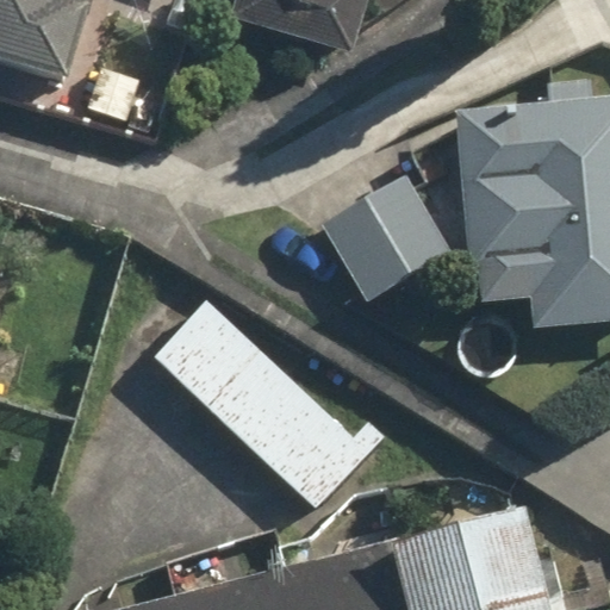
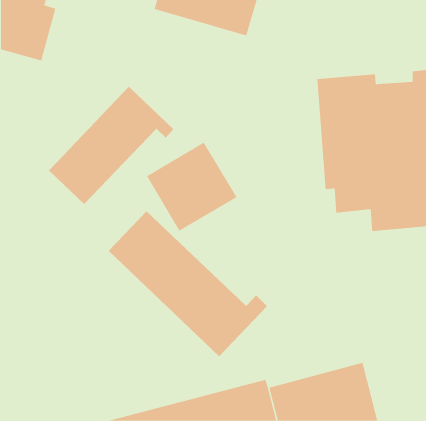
building: none -> [48,86,174,205]
building: [322,176,452,304] -> [146,142,238,231]

